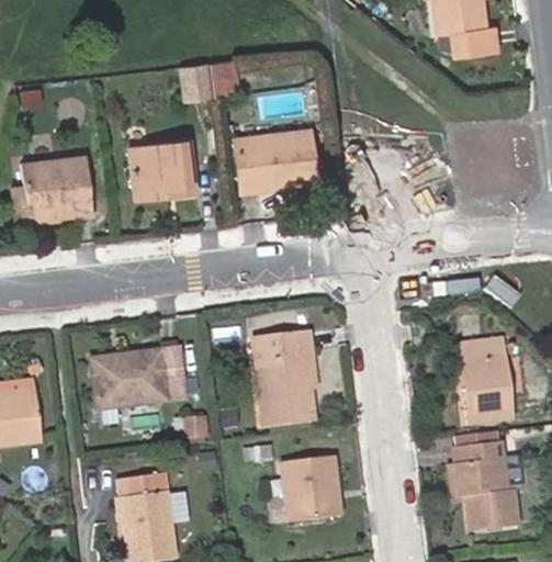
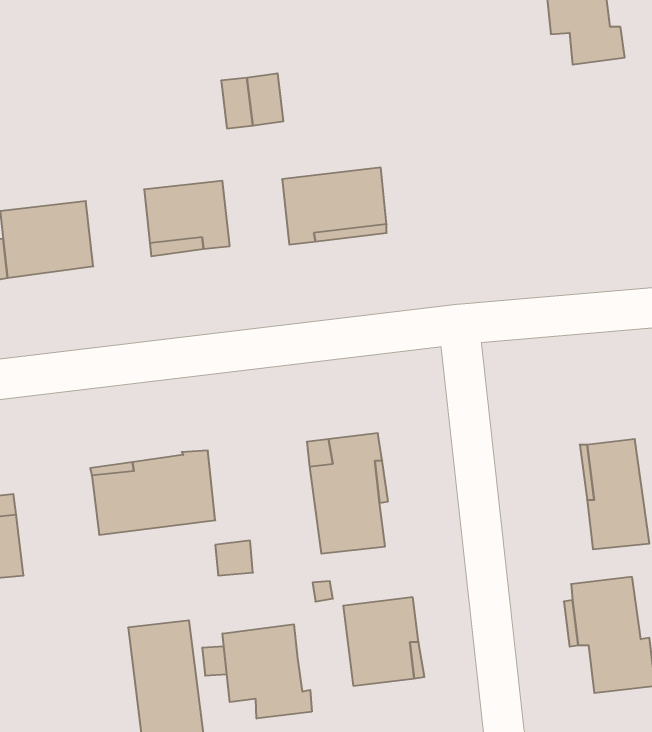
building: none -> [223,624,312,719]

